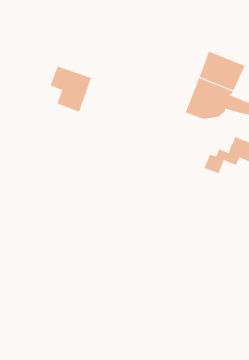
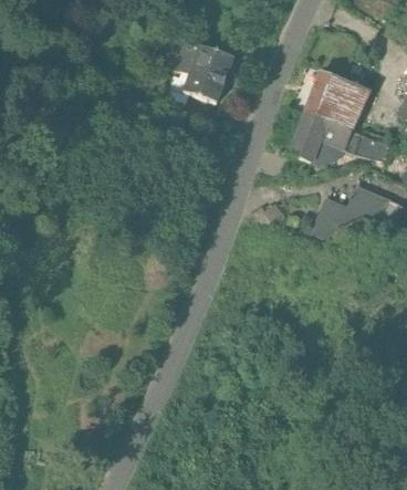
building: [50,66,92,112] -> [176,39,232,102]

